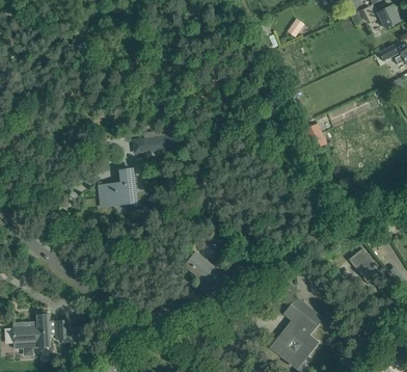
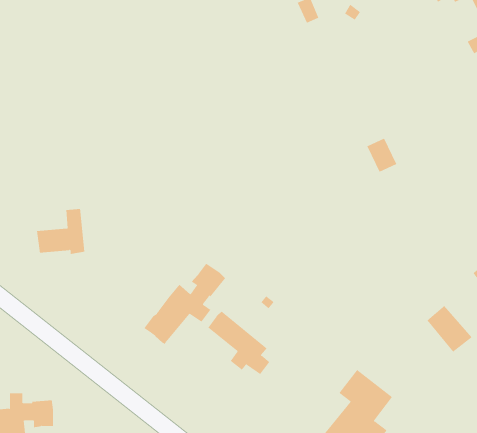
building: [143,134,174,151] -> none
building: [99,168,135,203] -> [36,209,85,255]
building: none -> [144,263,226,345]

